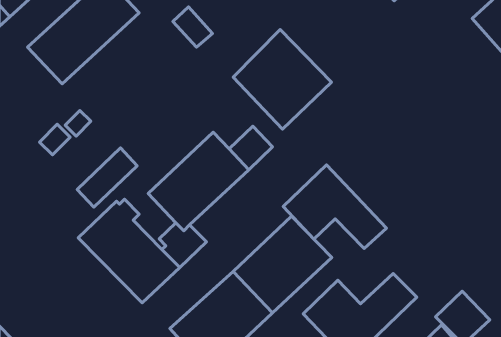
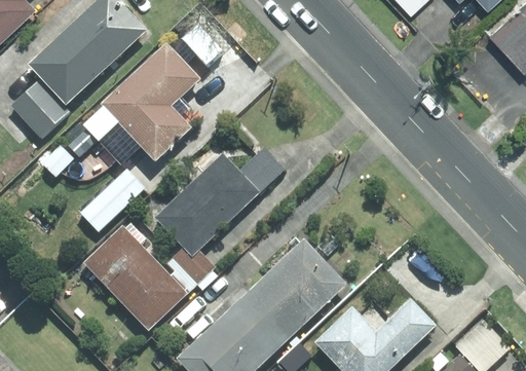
building: none -> [81,43,200,164]
building: [233,30,332,129] -> none
building: none -> [9,79,69,139]
building: [283,165,386,248] -> none

